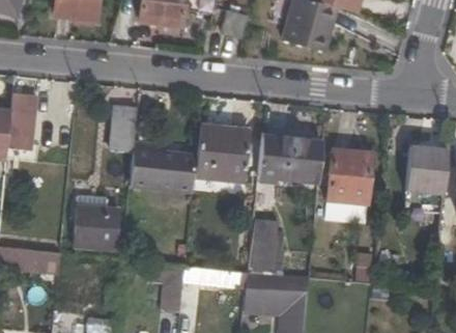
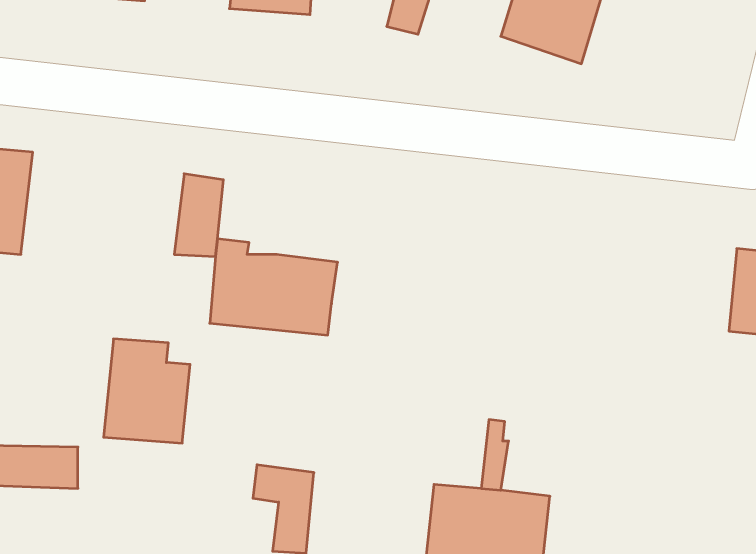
building: [194,126,250,182] -> none
building: [257,137,322,182] -> none
building: [326,150,371,203] -> none
building: [248,235,277,274] -> none

